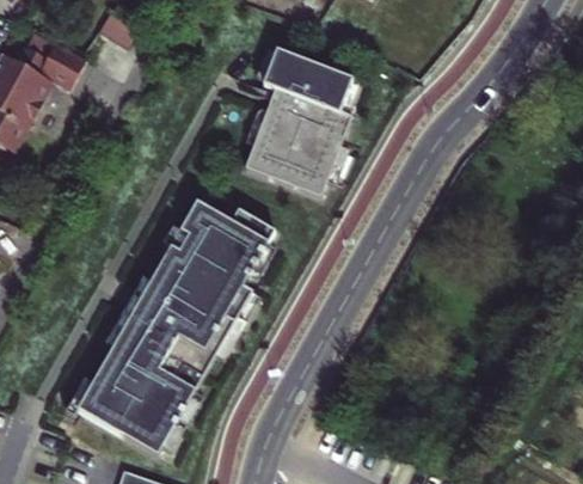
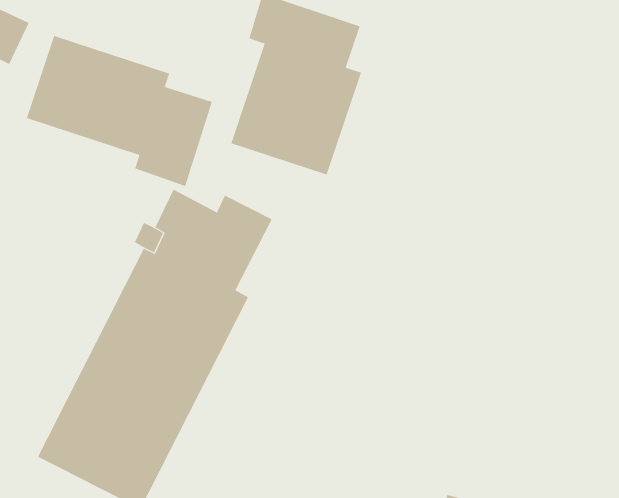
building: none -> [26,35,213,187]

